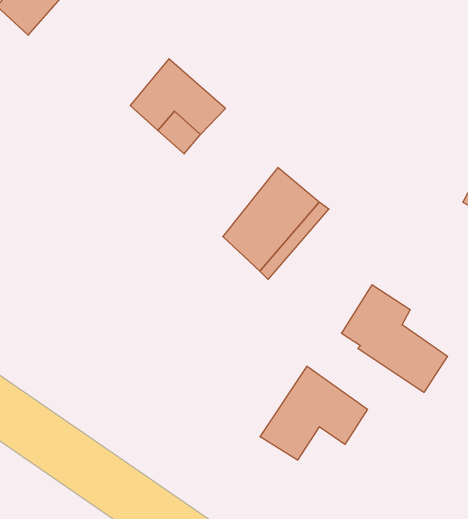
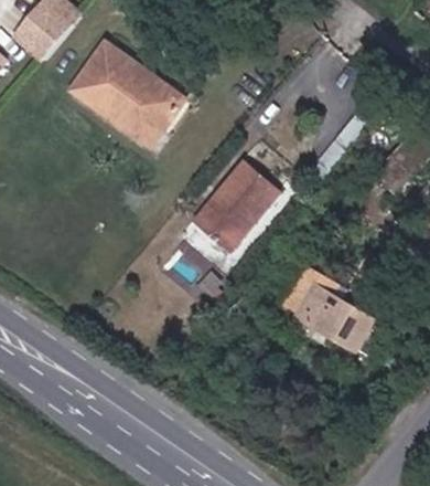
building: none -> [87,50,149,114]
building: [260,366,368,460] -> none

